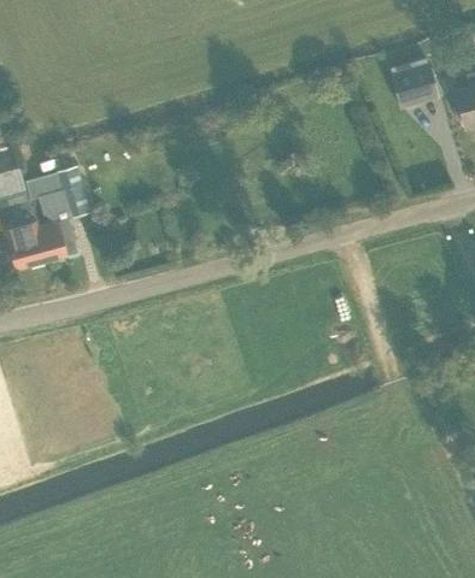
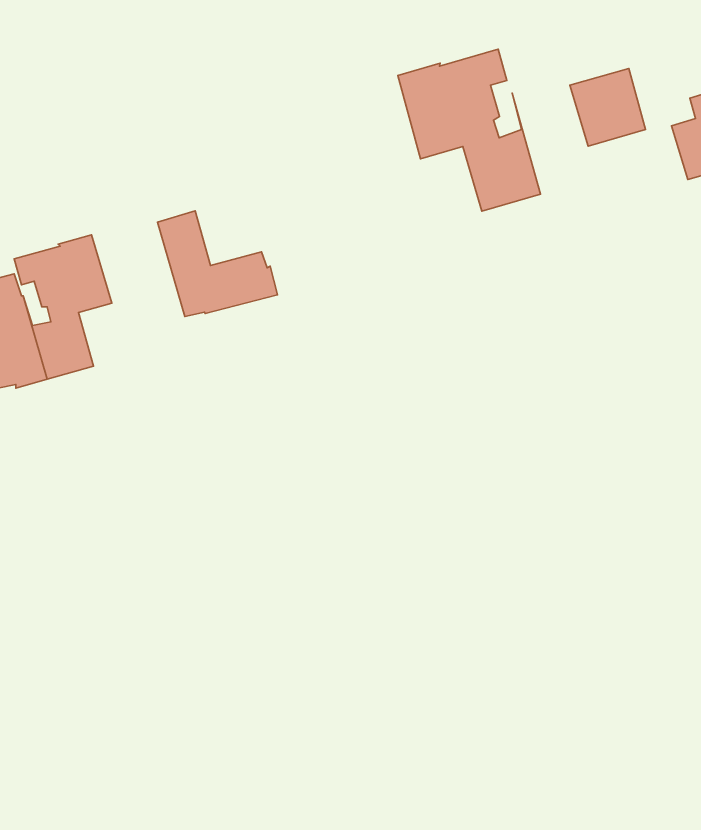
building: none -> [398,49,541,211]
building: none -> [158,211,277,316]

